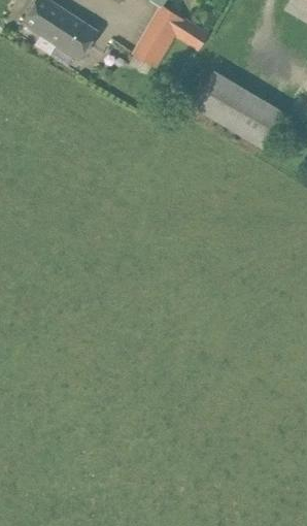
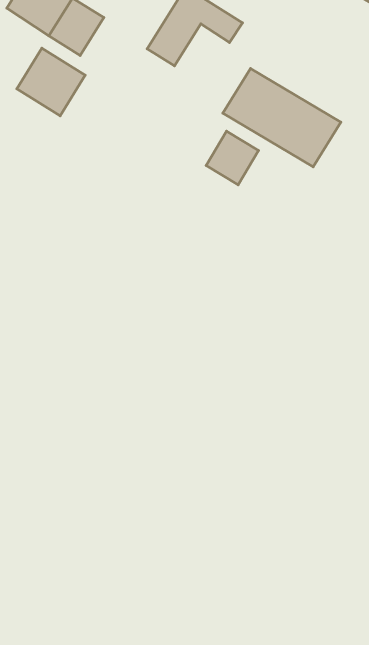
building: none -> [17,48,85,116]
building: none -> [206,131,259,185]

